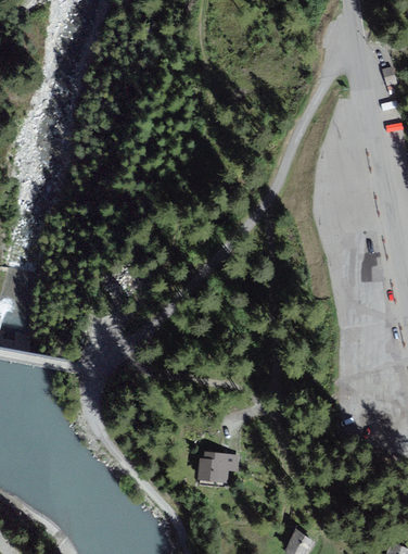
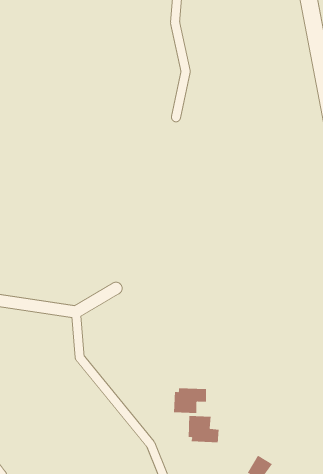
building: none -> [188,415,219,443]

